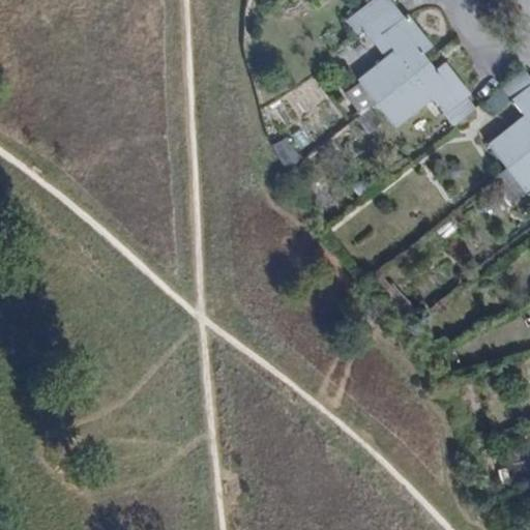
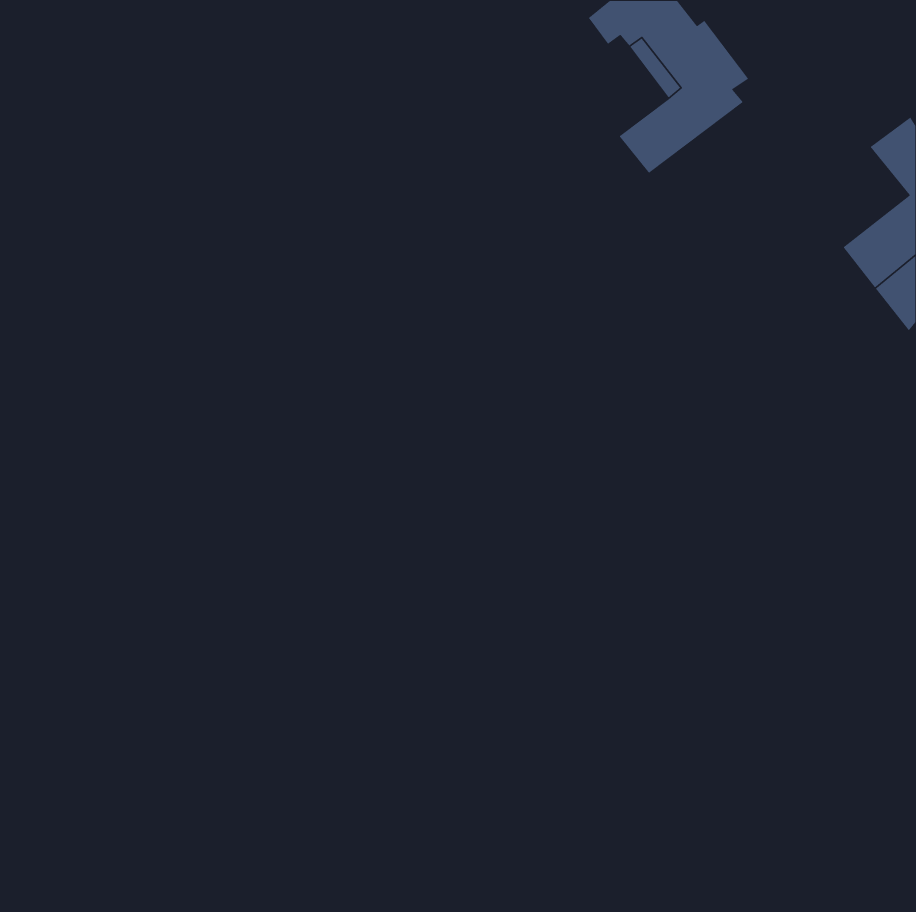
building: [375,61,477,128] -> none

